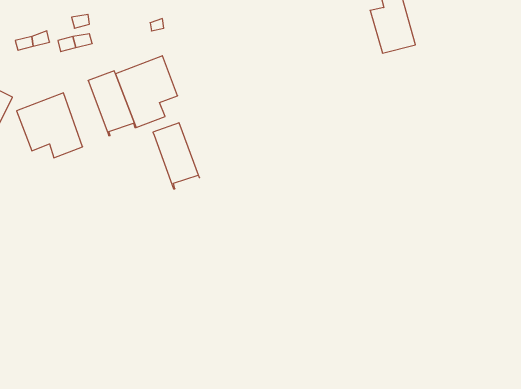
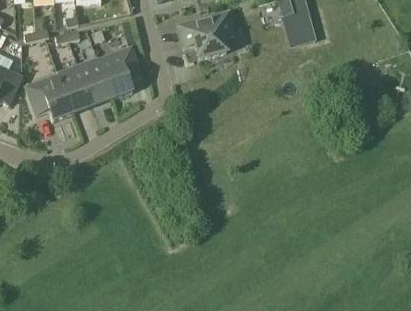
building: none -> [178,11,235,58]
building: [153,123,200,189] -> [58,64,92,112]

